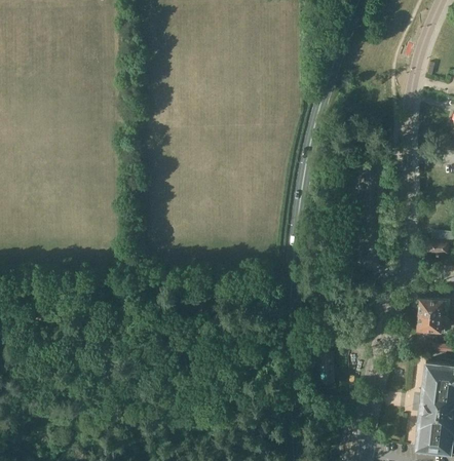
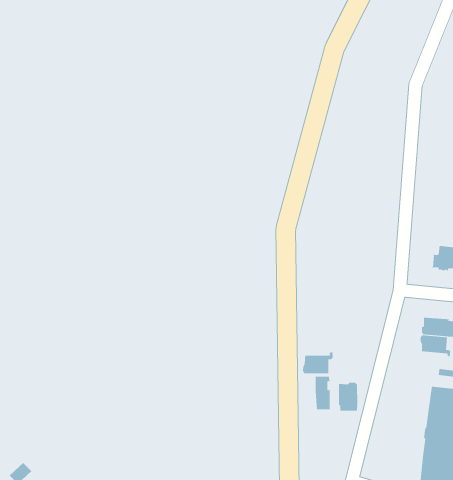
building: none -> [303,351,333,374]
building: none -> [338,382,358,412]

